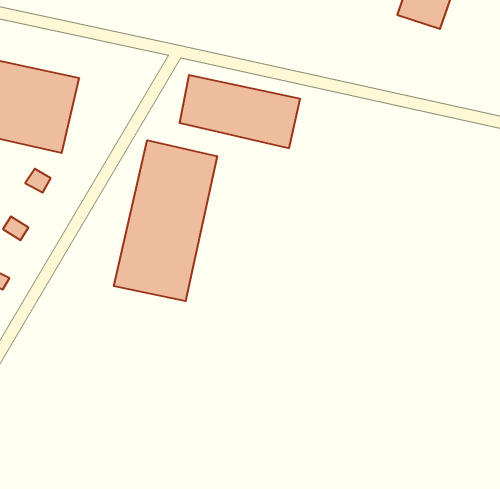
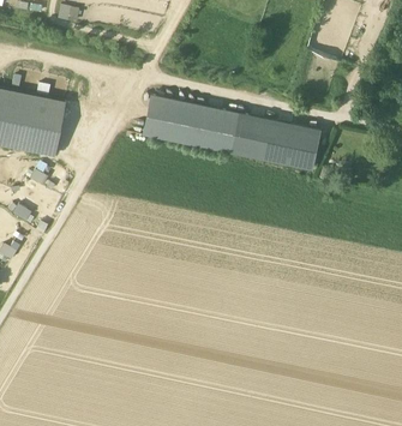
building: none -> [228,114,322,169]
building: [114,140,217,301] -> none

